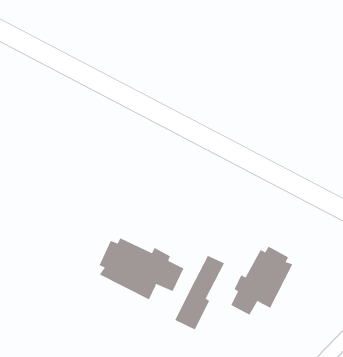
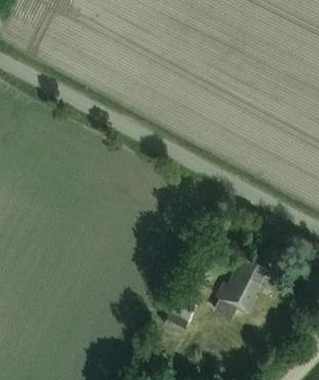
building: [99,238,184,300] -> none

